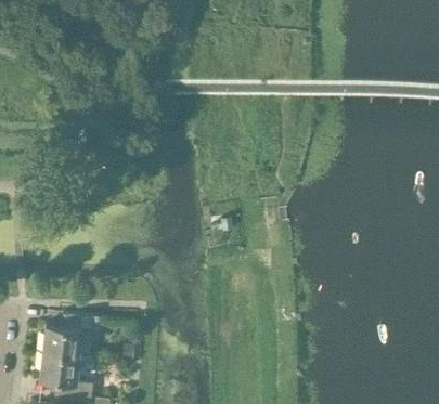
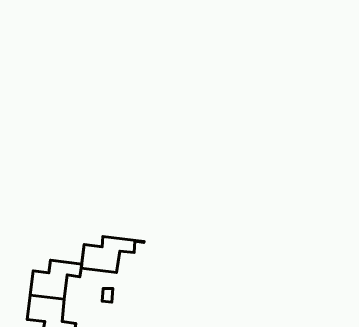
building: none -> [81,236,144,272]

